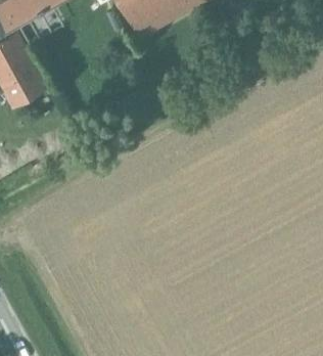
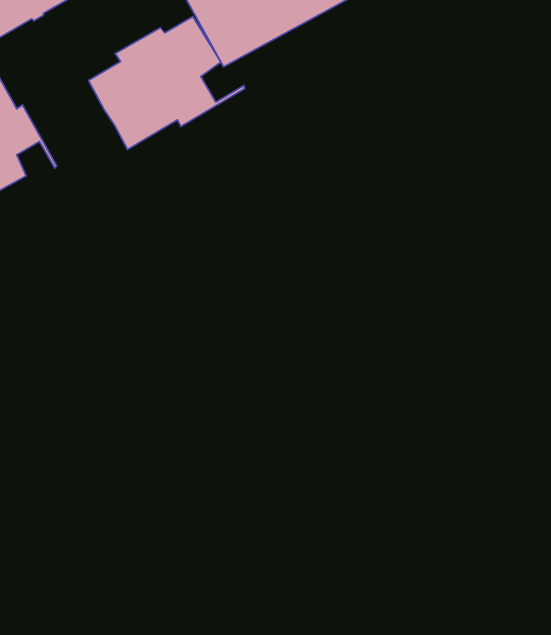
building: none -> [88,16,245,150]

